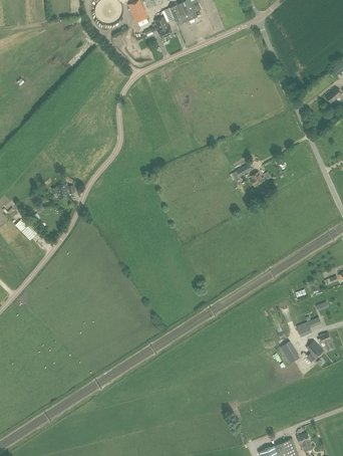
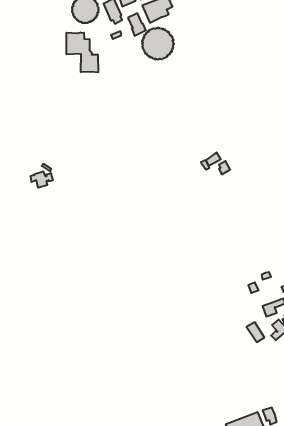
building: none -> [142,27,174,60]
building: none -> [67,32,98,72]

